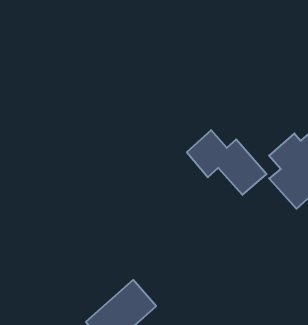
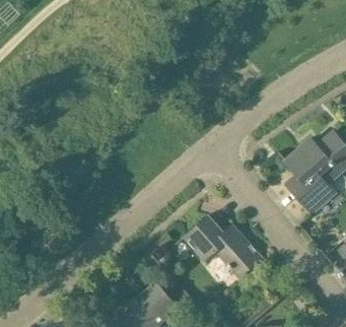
building: [187,130,267,195] -> [184,214,261,277]

